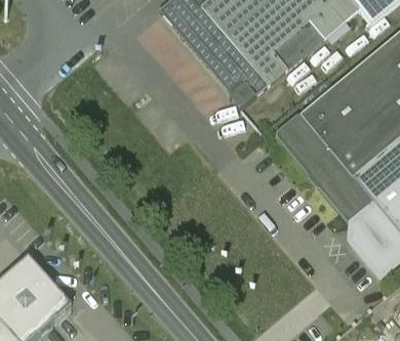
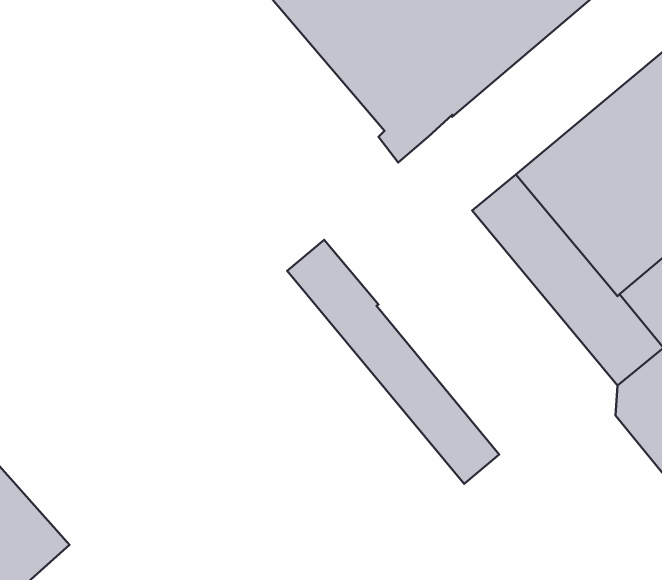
building: none -> [287,240,499,484]

